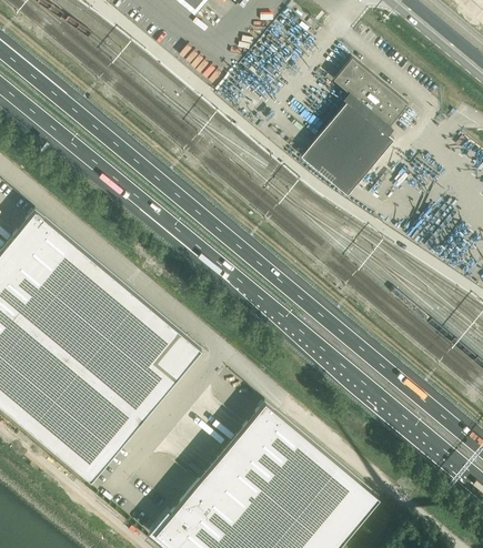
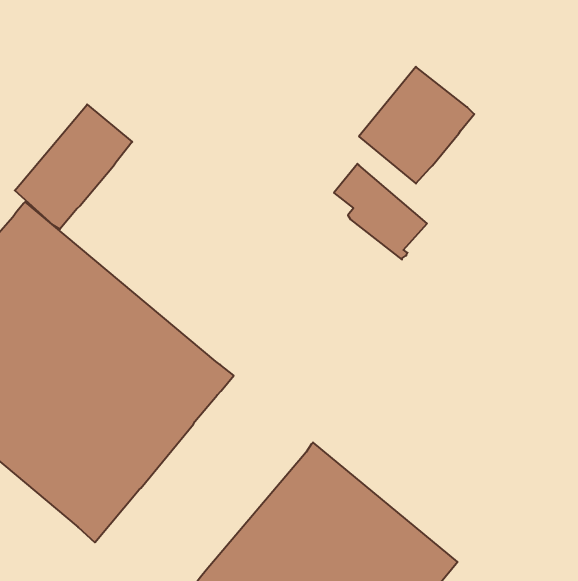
building: [332,60,406,136] -> [334,164,427,260]
building: none -> [15,104,132,229]

